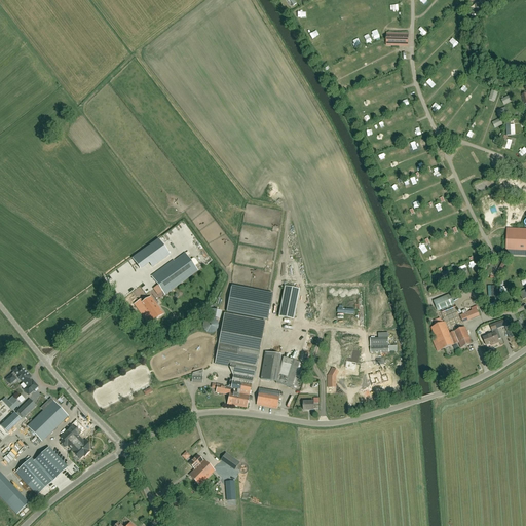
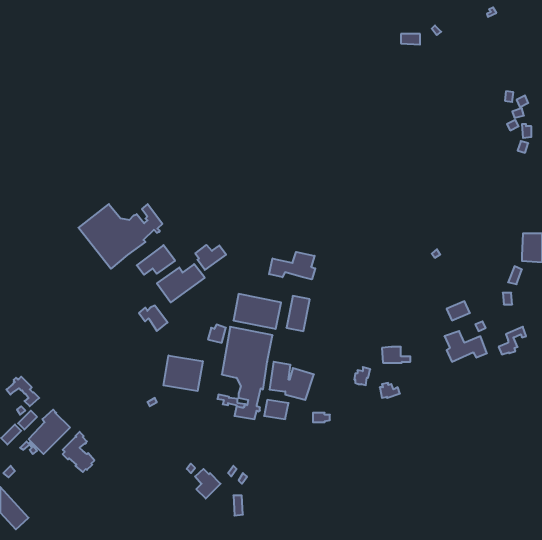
building: none -> [78,204,162,269]
building: none -> [195,245,226,270]
building: none -> [269,252,315,279]
building: none -> [163,355,203,391]
building: [15,446,67,493] -> none

